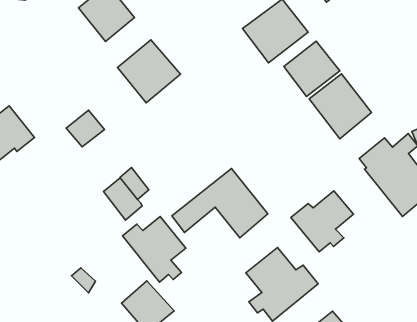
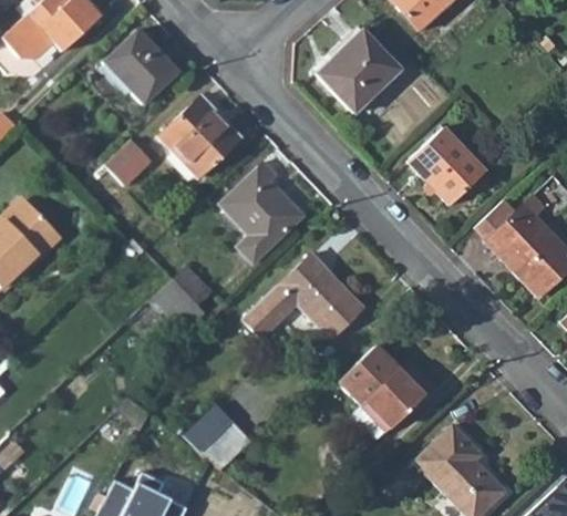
building: [284,41,340,97] -> none
building: none -> [224,163,302,262]
building: [66,110,104,147] -> [106,138,155,186]
building: [291,191,354,252] -> none
building: [122,217,186,282] -> none

